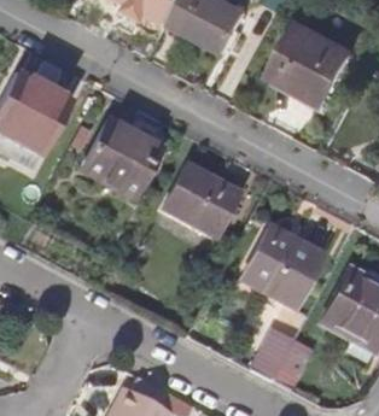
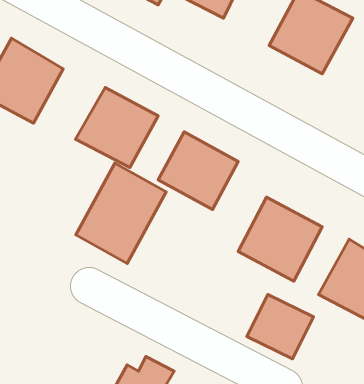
building: none -> [76,163,166,263]

